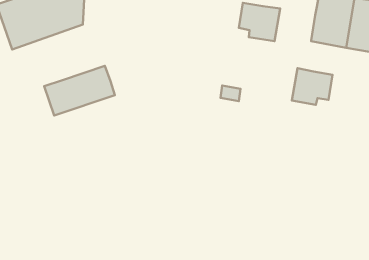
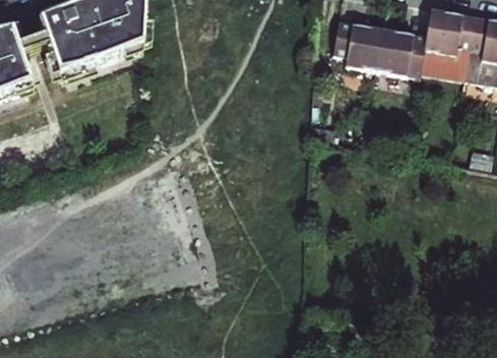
building: [44,66,115,115] -> none
building: [292,68,333,105] -> [377,28,427,73]

